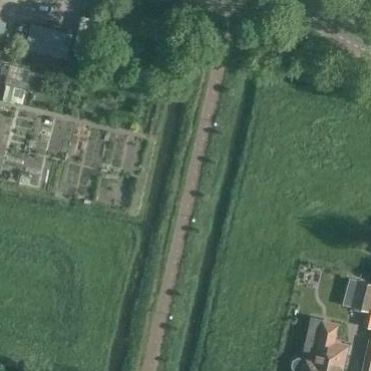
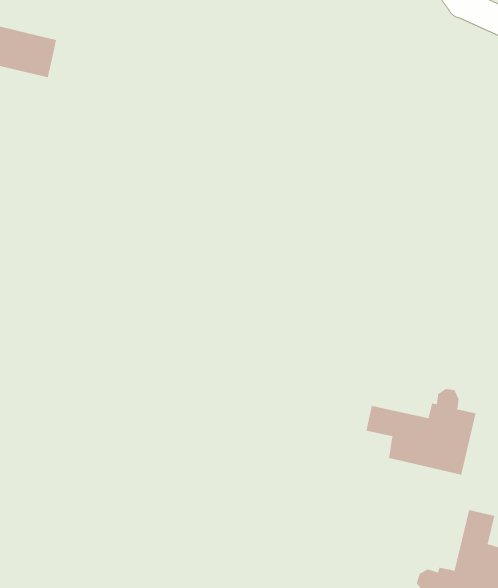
building: none -> [366,388,476,476]

